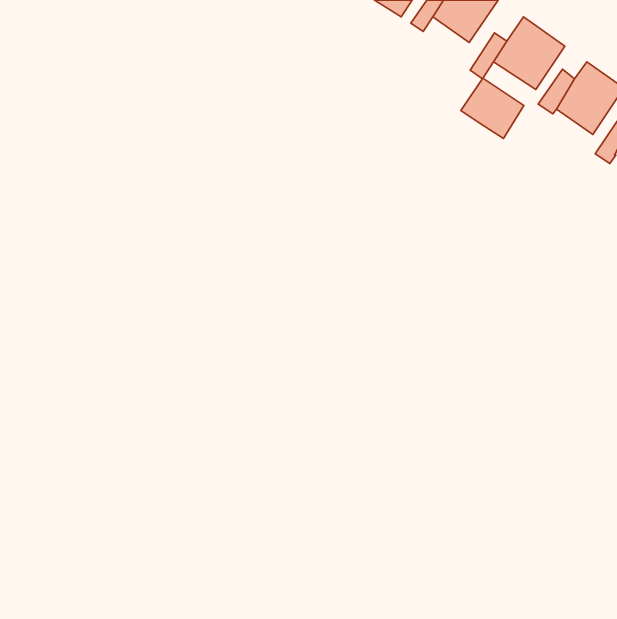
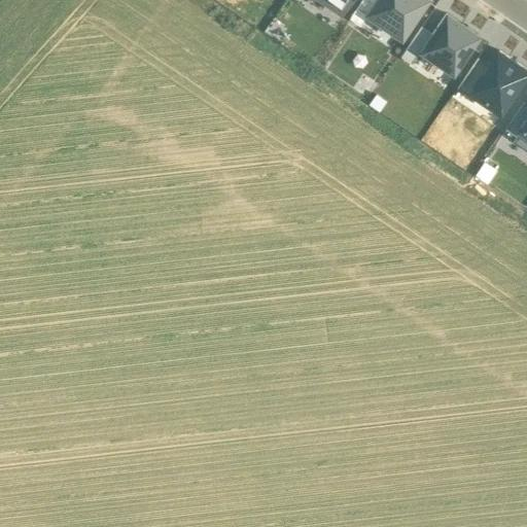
building: [461,78,524,138] -> none

